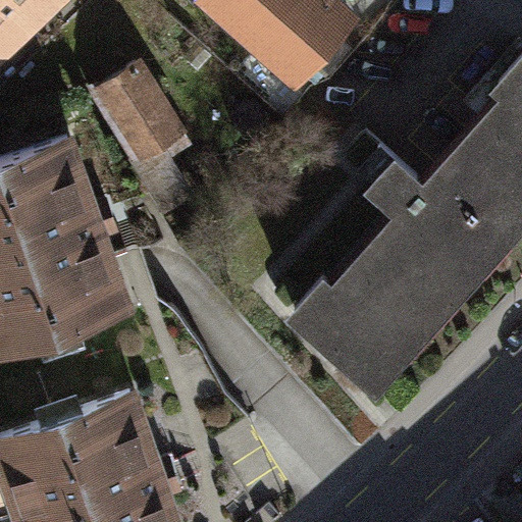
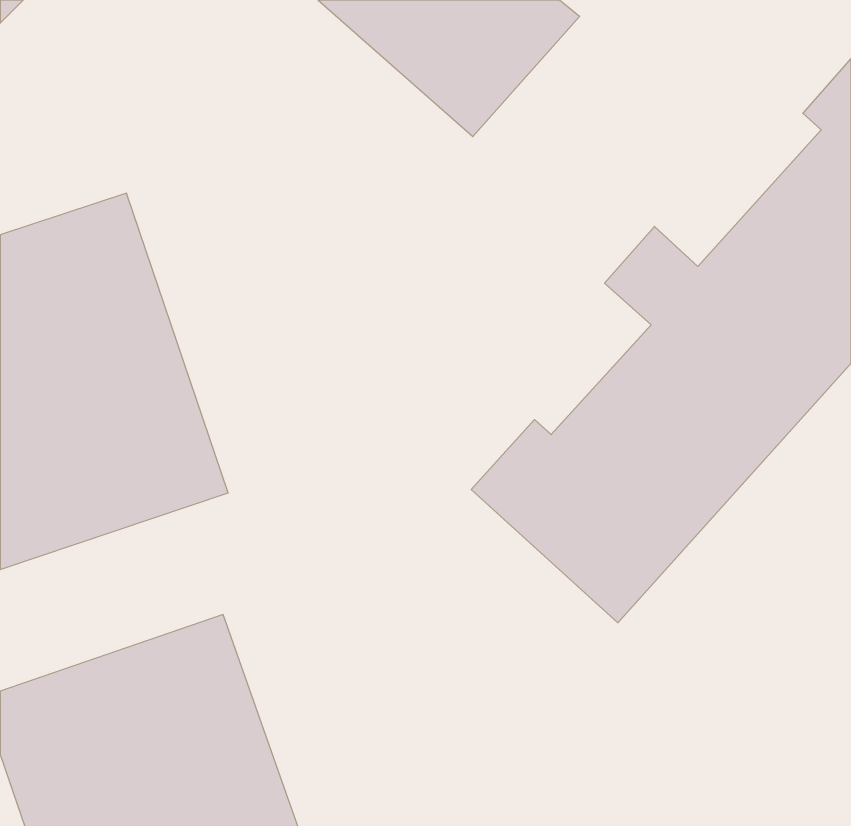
building: [92,69,179,168] -> none

